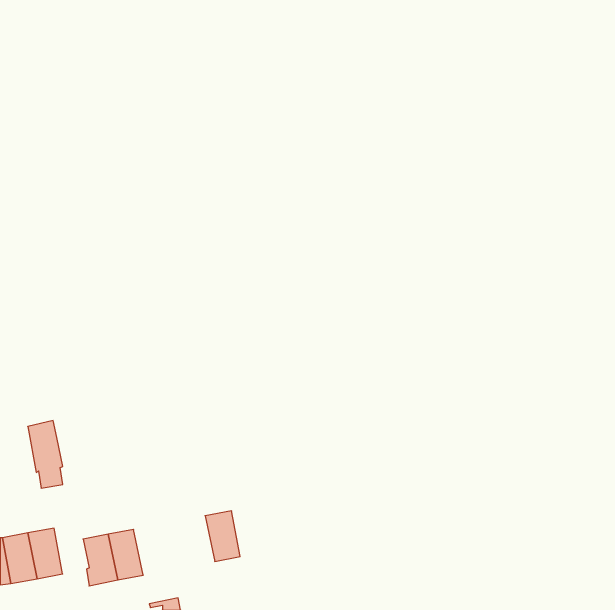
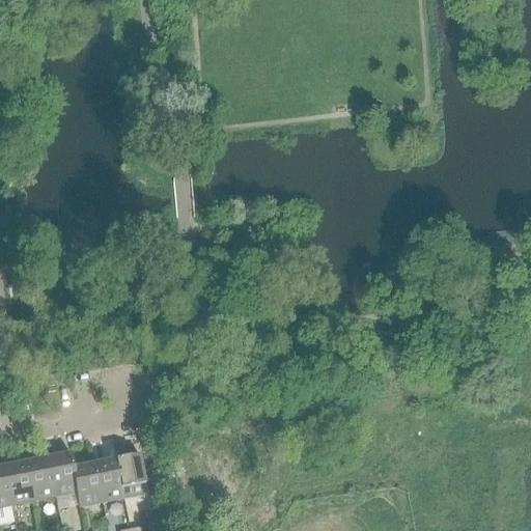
building: [28,421,63,488] -> [47,450,77,508]
building: [205,511,240,561] -> [115,452,145,496]

